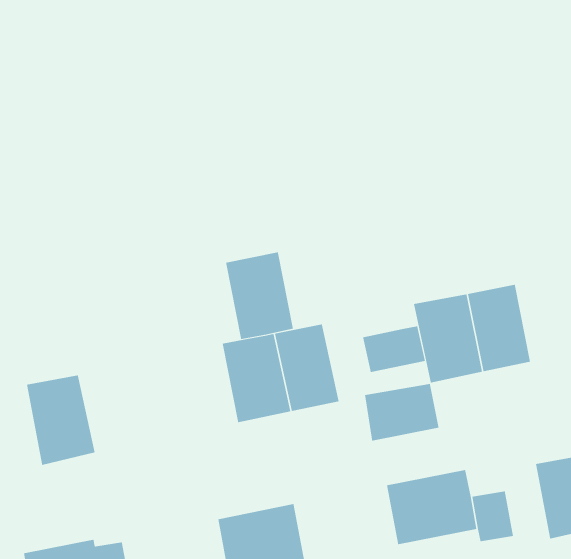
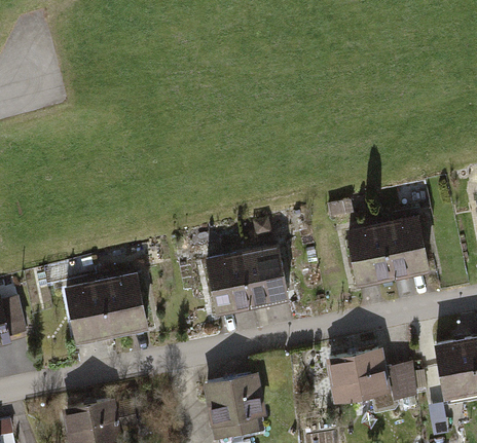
building: [226,251,293,340] -> none
building: [362,326,426,373] -> none
building: none -> [101,272,148,336]
building: [365,383,439,442] -> none

